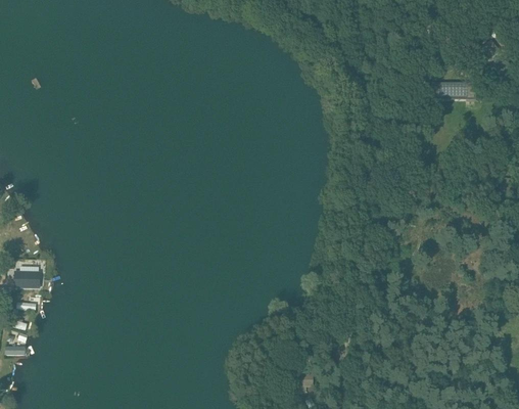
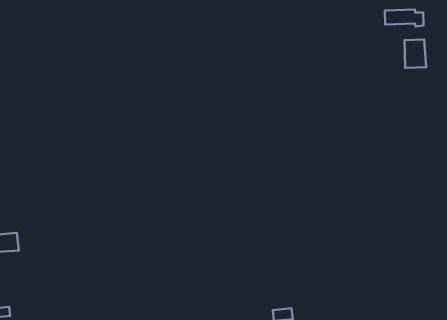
building: none -> [404,40,426,68]

